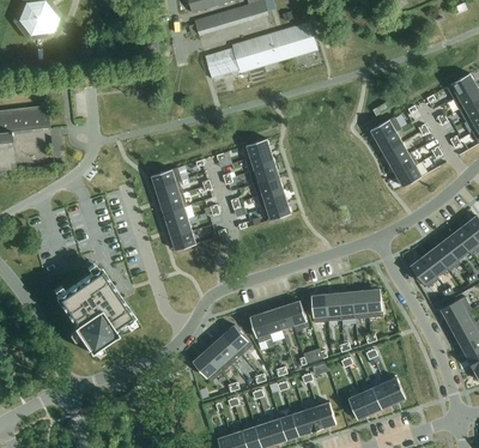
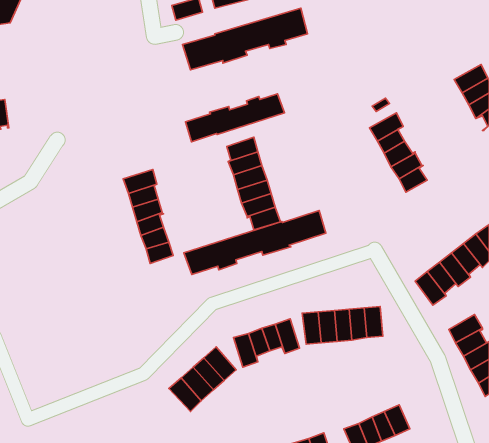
building: none -> [185,94,284,142]
building: none -> [184,211,326,275]
building: [59,270,131,351] -> none

